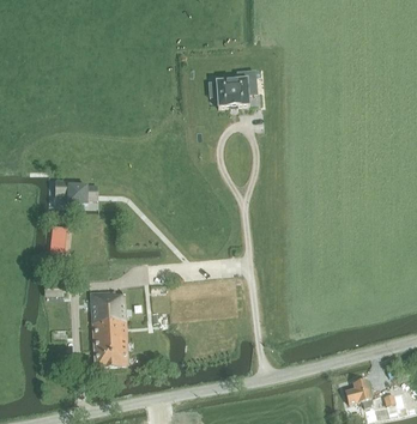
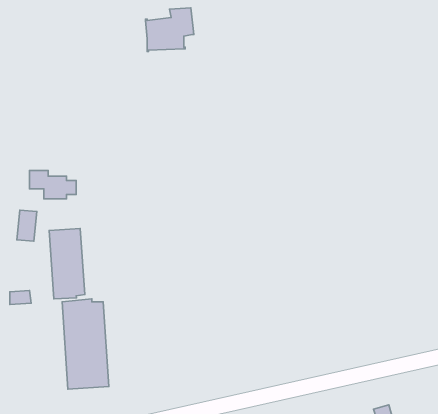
building: [213,71,254,108] -> [146,8,194,52]
building: none -> [49,228,85,299]

